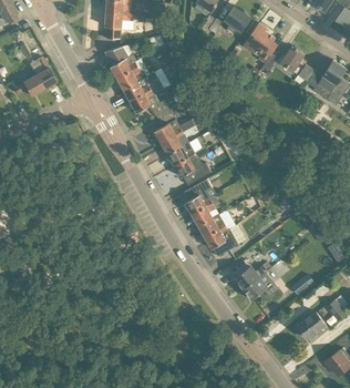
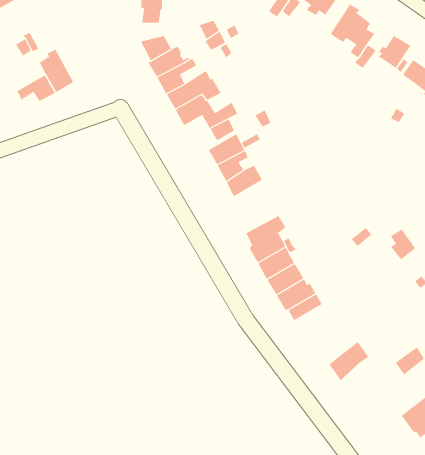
building: [174,147,212,185] -> none
building: [231,258,275,288] -> none

